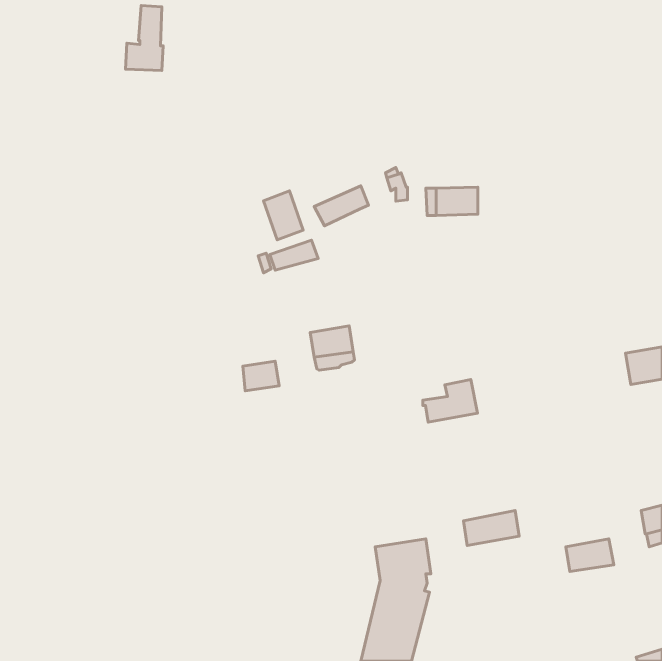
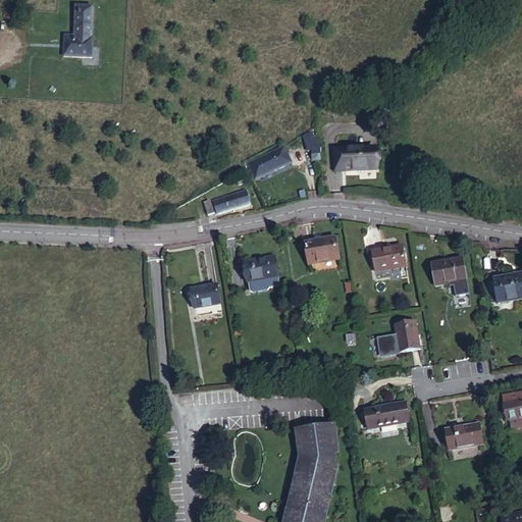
building: [125,5,163,70] -> [63,5,93,56]
building: [264,191,303,240] -> none
building: none -> [304,237,337,262]
building: none -> [371,245,405,270]
building: none -> [430,257,468,296]
building: [423,379,477,422] -> [377,321,420,355]

